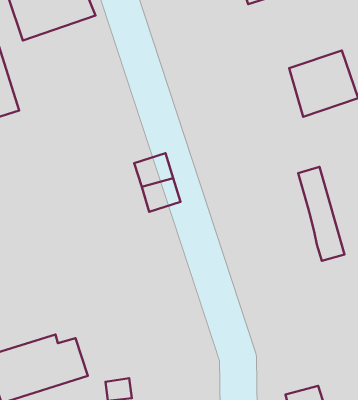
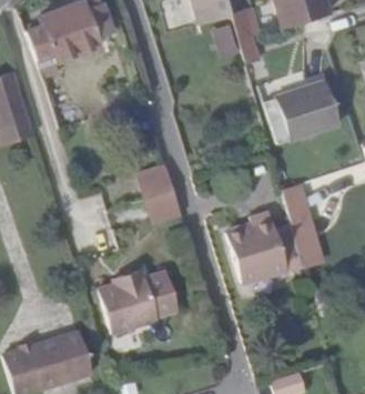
building: none -> [226,206,301,280]
building: none -> [100,272,179,335]

